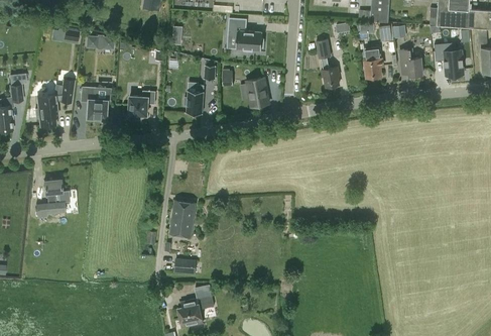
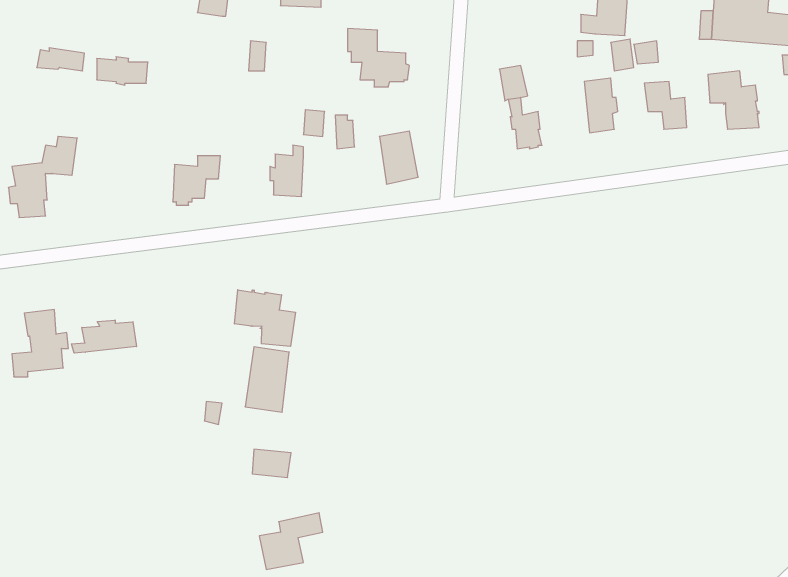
building: [81,86,107,119] -> none
building: none -> [235,290,295,346]
building: none -> [71,320,136,353]

